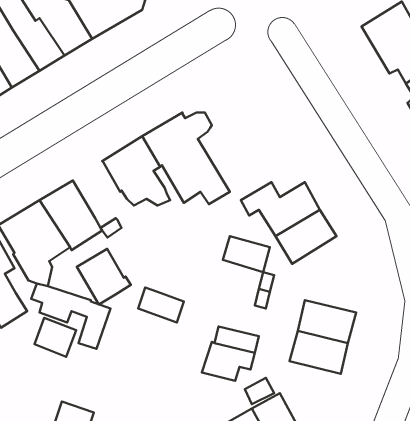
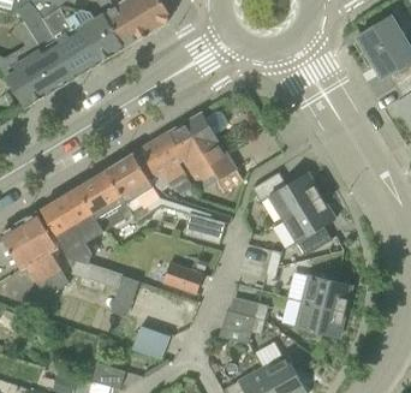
building: [223,236,270,272] -> [183,213,224,244]
building: [77,249,131,304] -> [106,155,153,203]
building: [34,318,76,357] -> [132,326,168,359]

